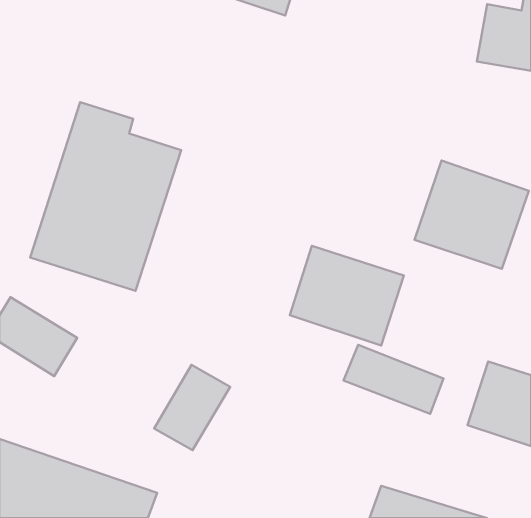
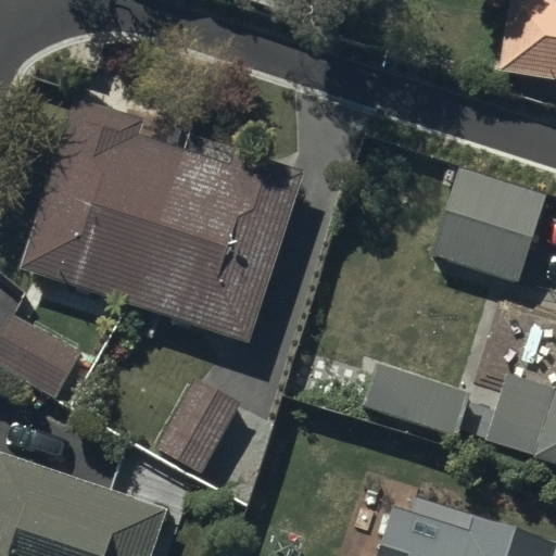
building: none -> [141,155,301,338]
building: [290,246,404,346] -> none

